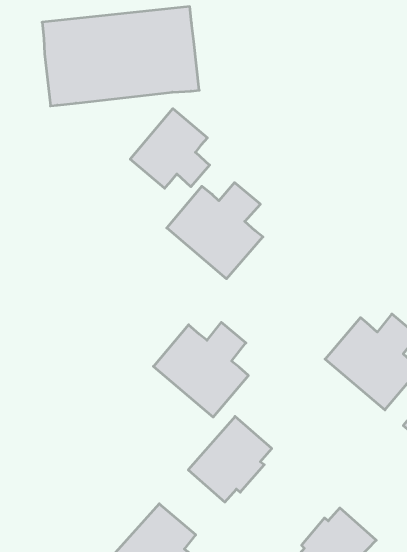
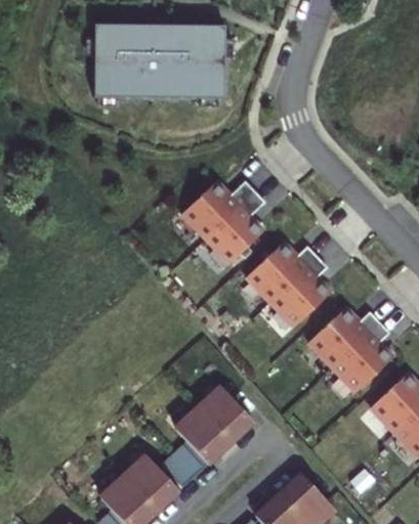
building: [130,109,210,188] -> none
building: [153,322,248,417] -> [245,247,328,330]
building: none -> [163,443,206,485]

